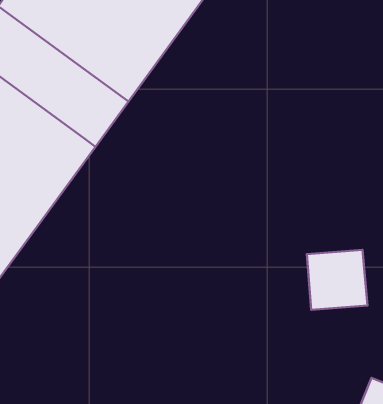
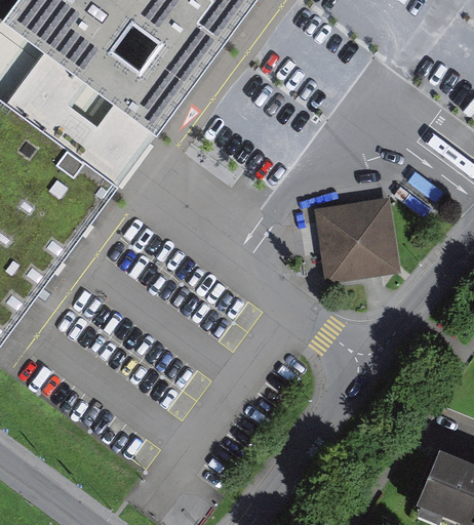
building: [307,250,368,310] -> [316,205,388,276]

